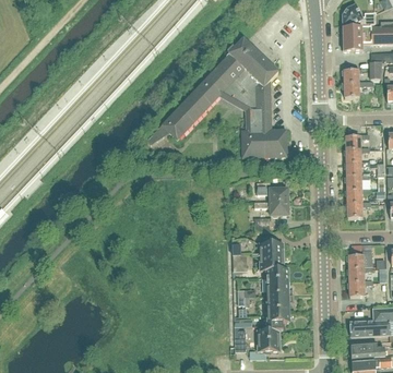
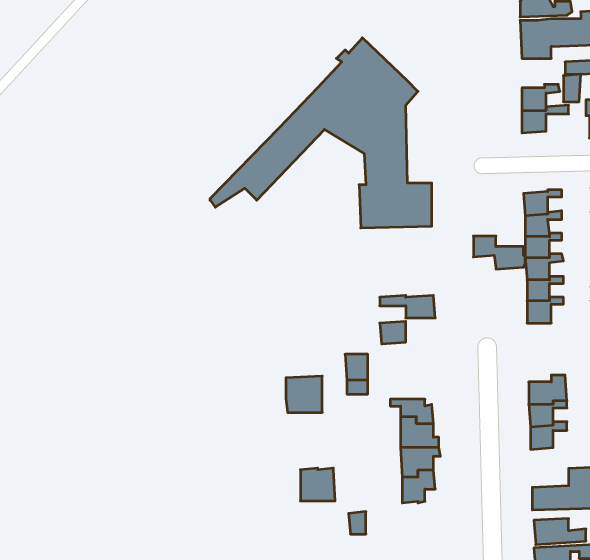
building: [257,180,289,201] -> [473,236,525,269]
building: [260,242,283,265] -> [286,376,322,412]
building: [258,329,279,350] -> [300,468,335,501]

